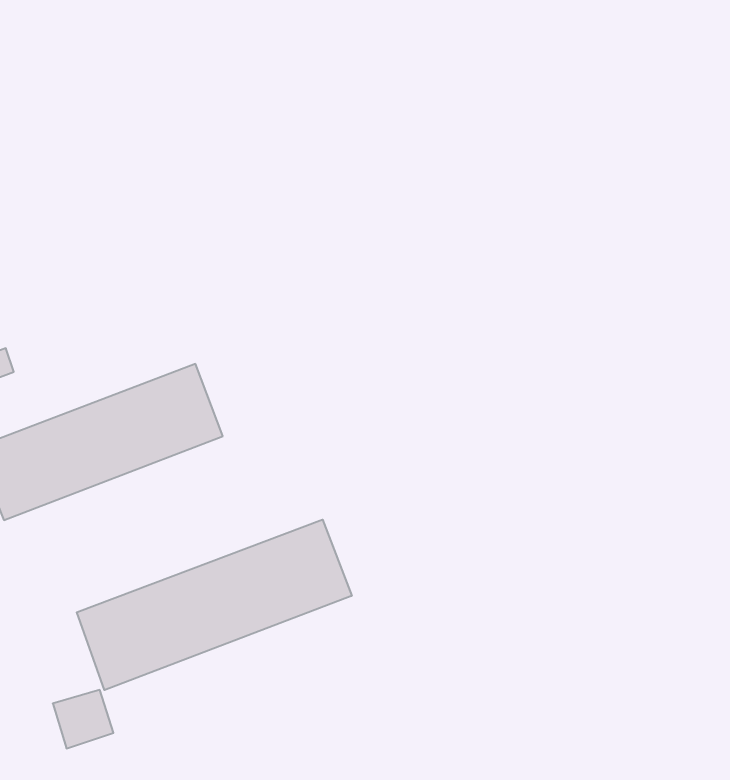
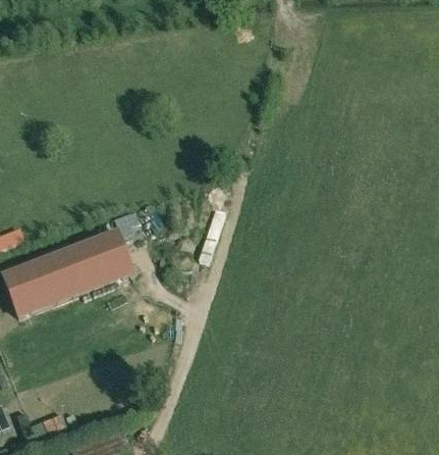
building: [77,520,352,690] -> none

